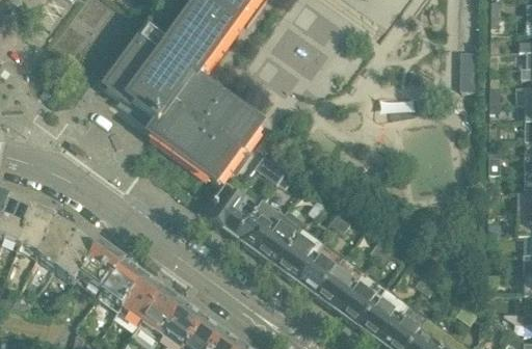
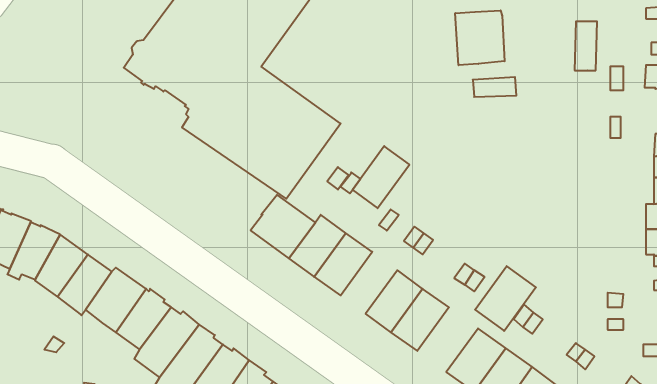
building: none -> [455,10,505,65]
building: [275,232,320,280] -> [353,146,409,208]
building: [336,275,383,326] -> [475,266,536,331]

